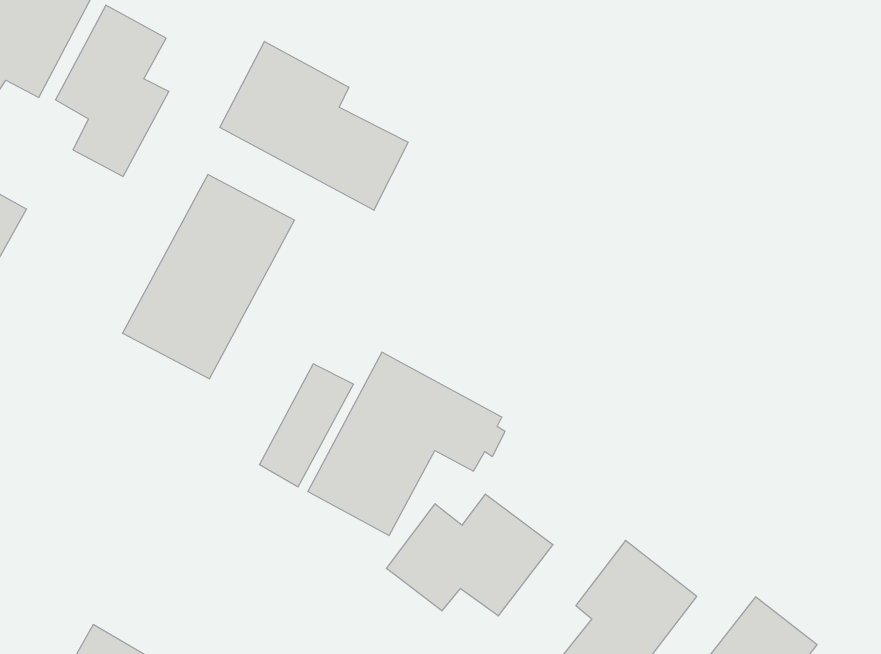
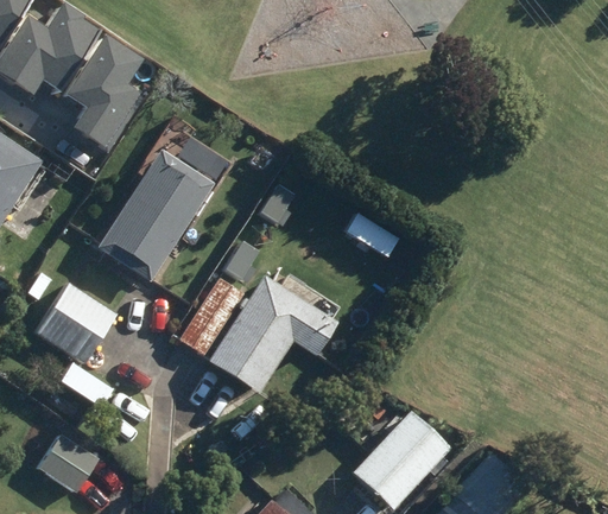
building: [220,41,408,210] -> none
building: none -> [36,283,116,364]
building: [386,494,553,616] -> none

